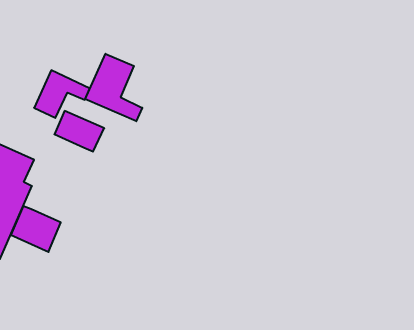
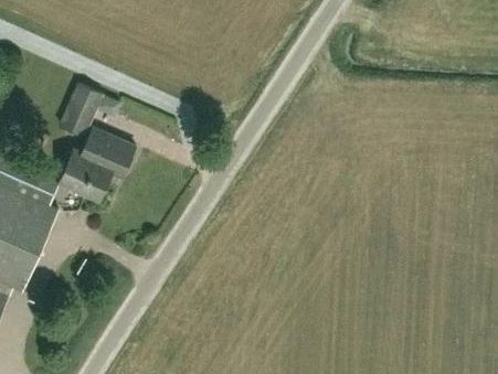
building: [85,54,142,121] -> none
building: [11,206,61,252] -> [60,150,114,200]

